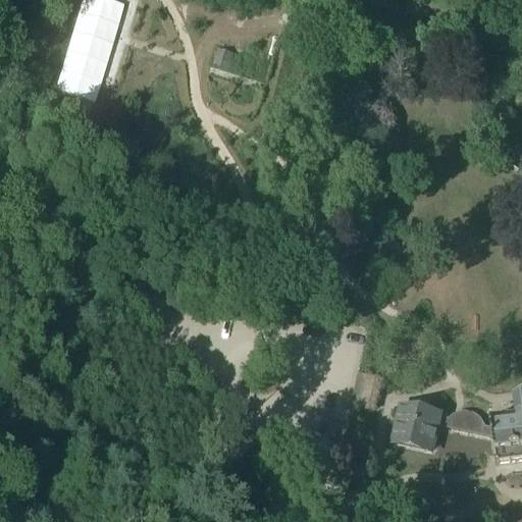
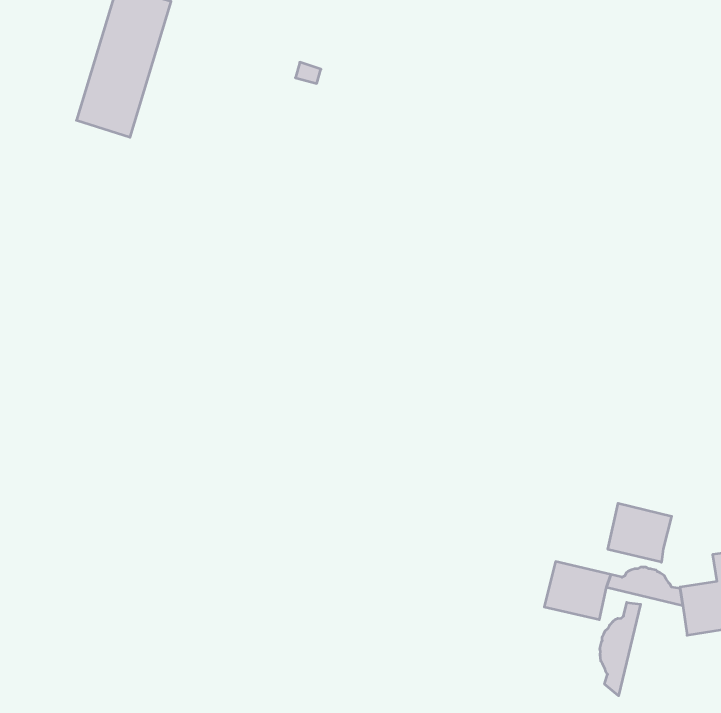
building: none -> [608,503,672,562]
building: none -> [600,602,641,696]

